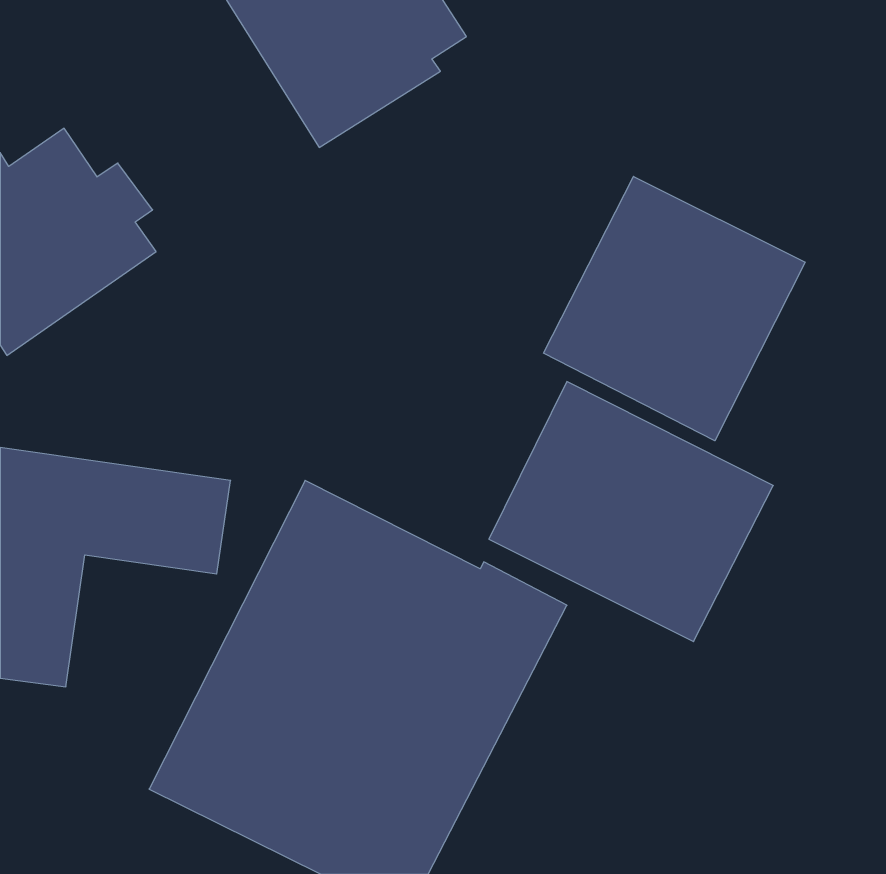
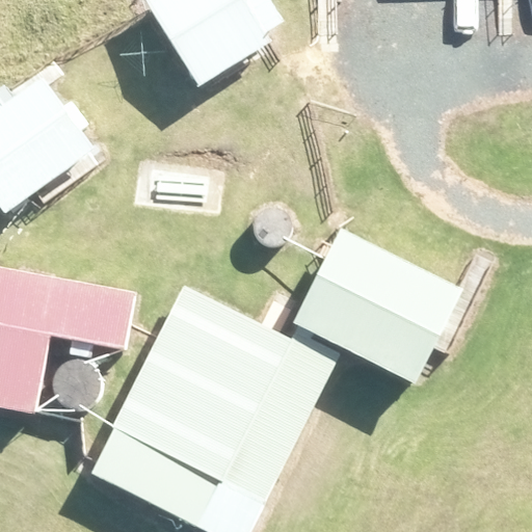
building: [544,176,805,441] -> none

